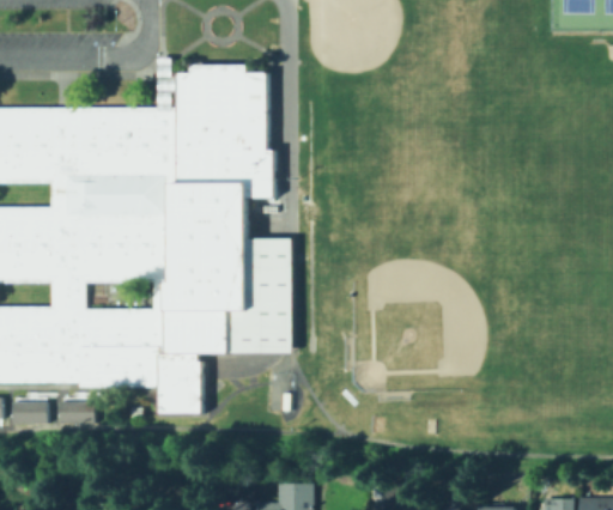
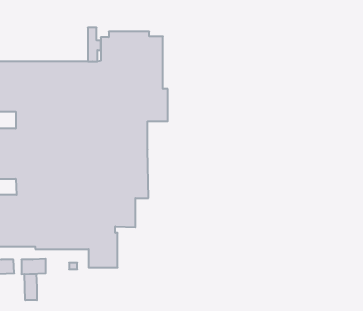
building: [226,238,291,353] -> none
building: none -> [24,274,37,300]

